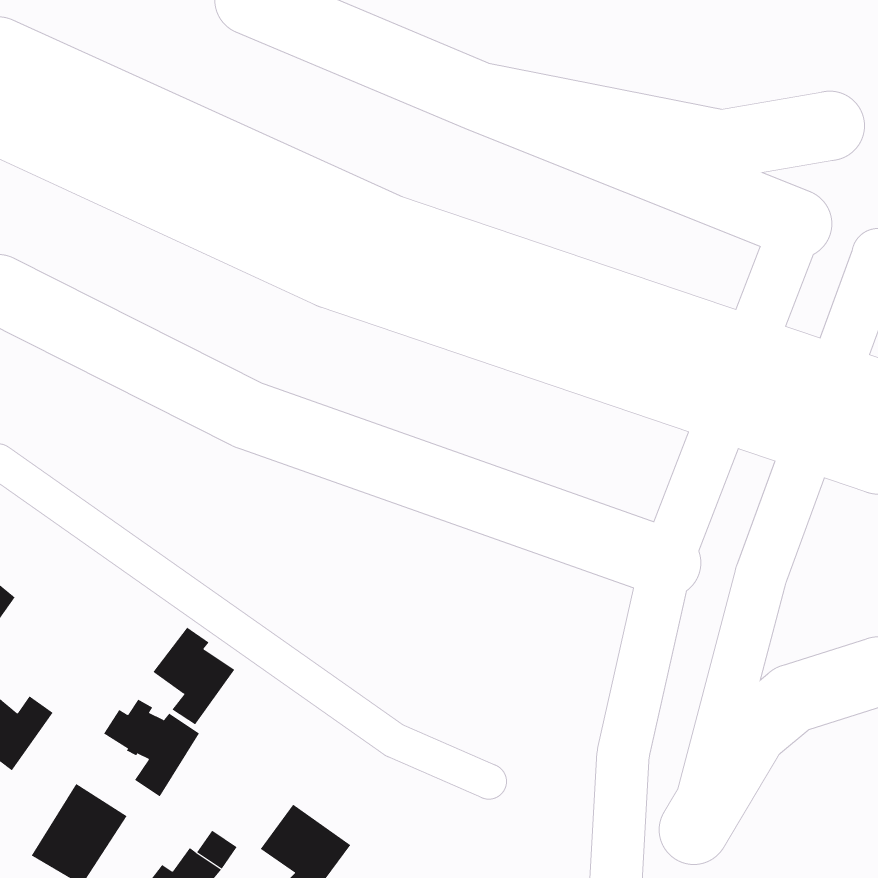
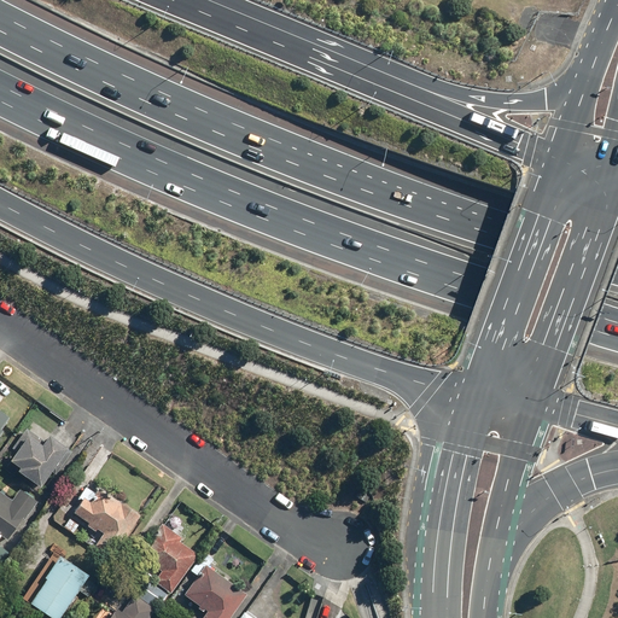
building: none -> [10,430,68,489]
building: [153,627,235,725] -> [141,525,199,594]

